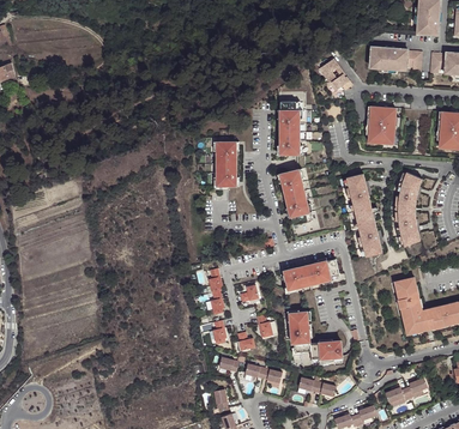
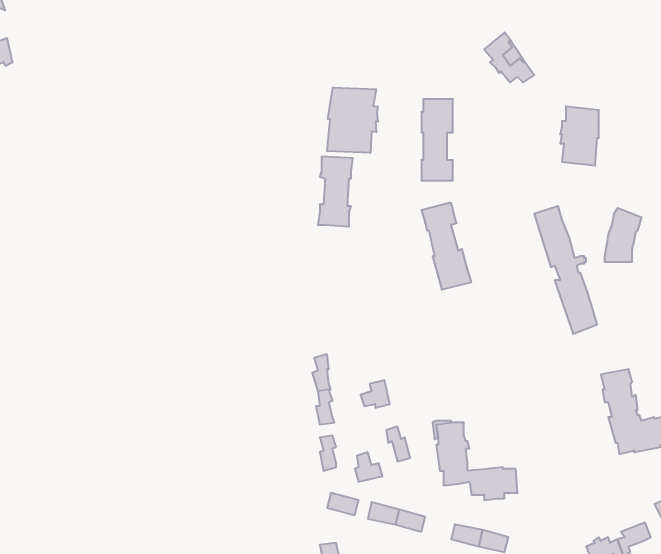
building: [369,46,422,71] -> none
building: none -> [327,87,378,153]
building: [398,210,419,246] -> none
building: [283,259,338,291] -> none

